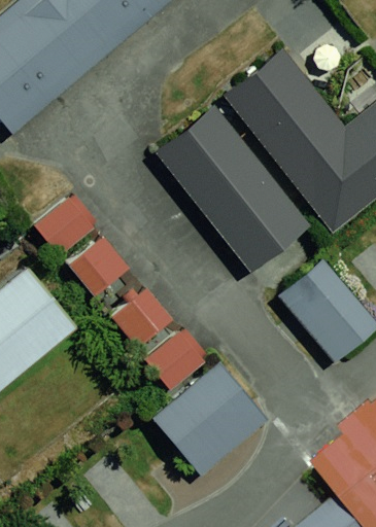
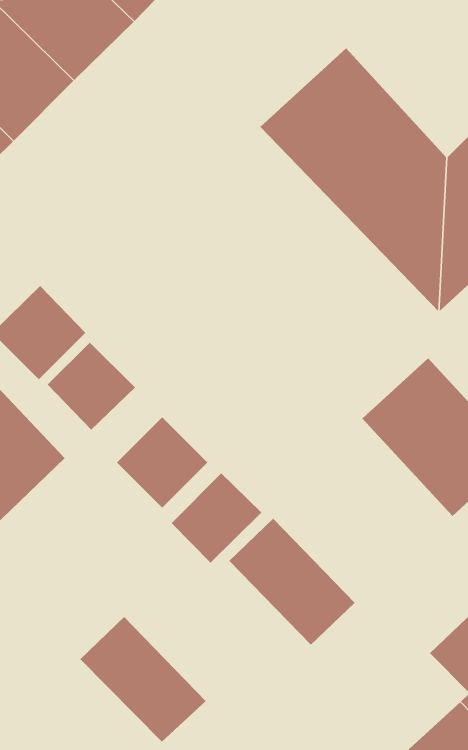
building: [156,108,312,276] -> none
building: [150,388,234,475] -> [80,616,206,742]

